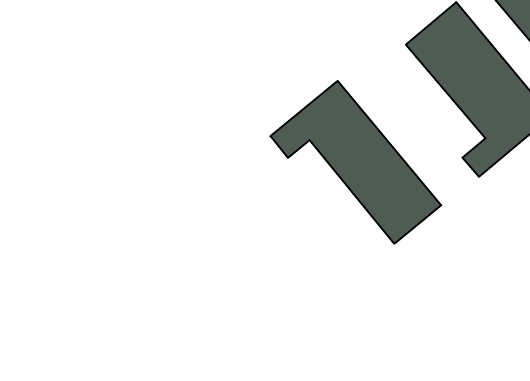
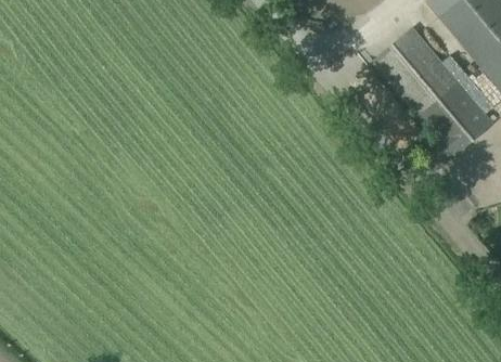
building: [270,81,441,244] -> none

